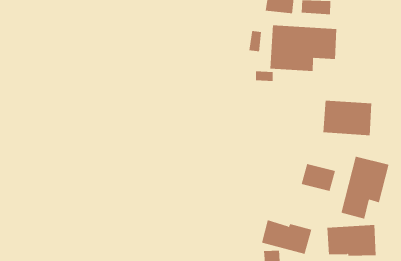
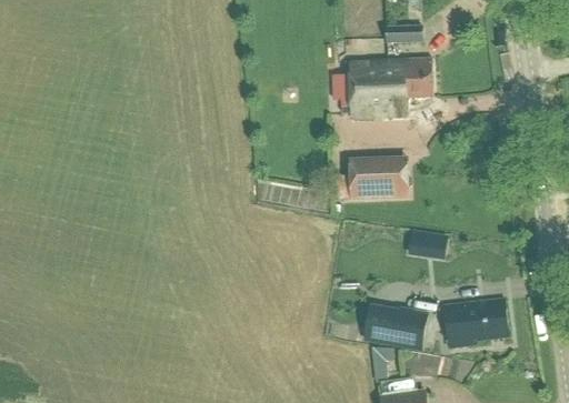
building: [322,100,372,136] -> [347,154,409,198]
building: [341,156,389,220] -> none

